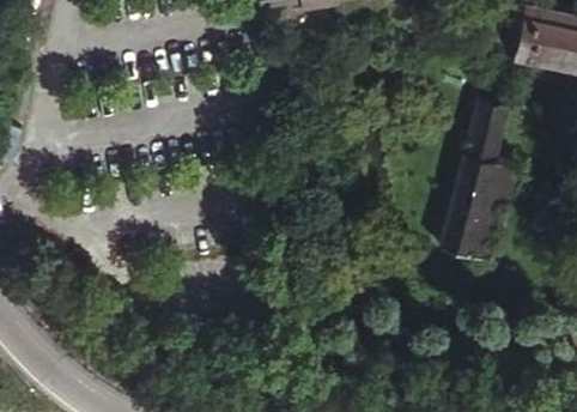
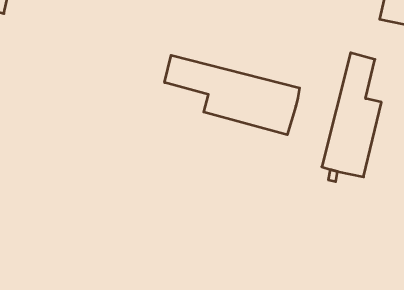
building: none -> [165,55,300,135]

